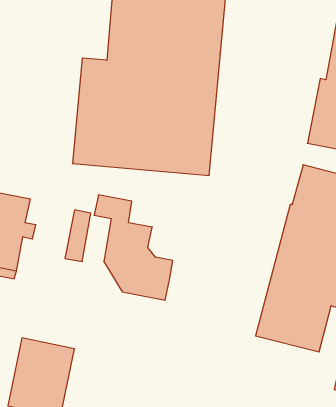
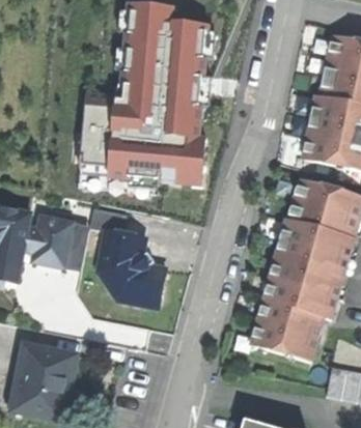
building: none -> [33,216,76,268]

